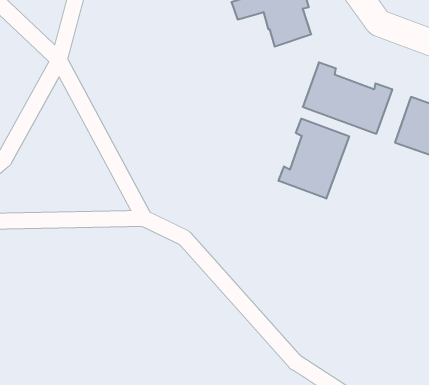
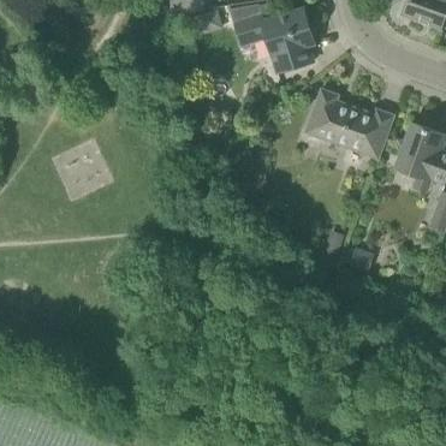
building: [279,119,349,199] -> none

